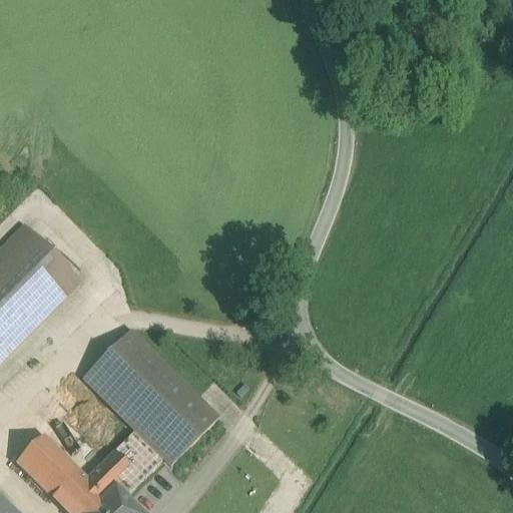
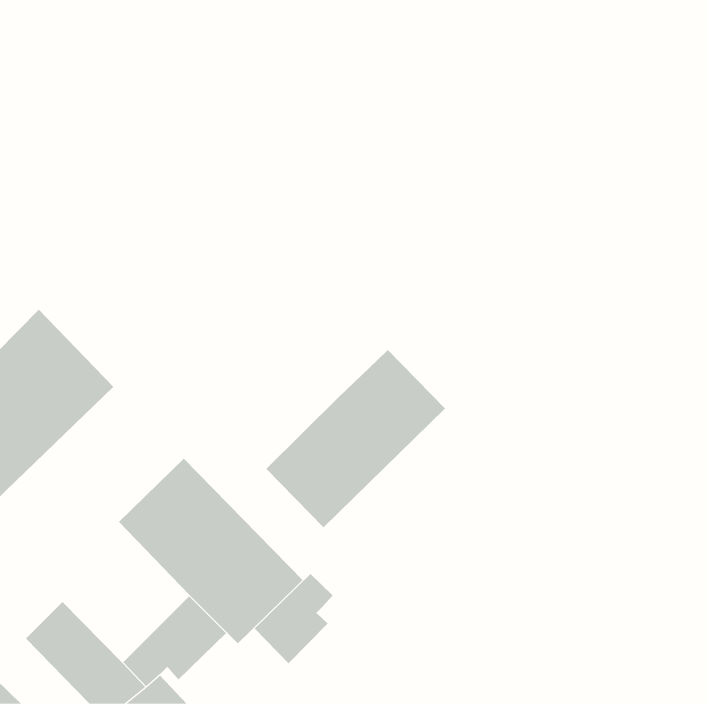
building: none -> [266,349,446,528]
building: none -> [254,573,334,664]

